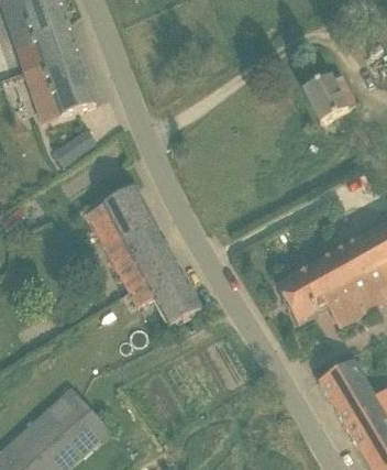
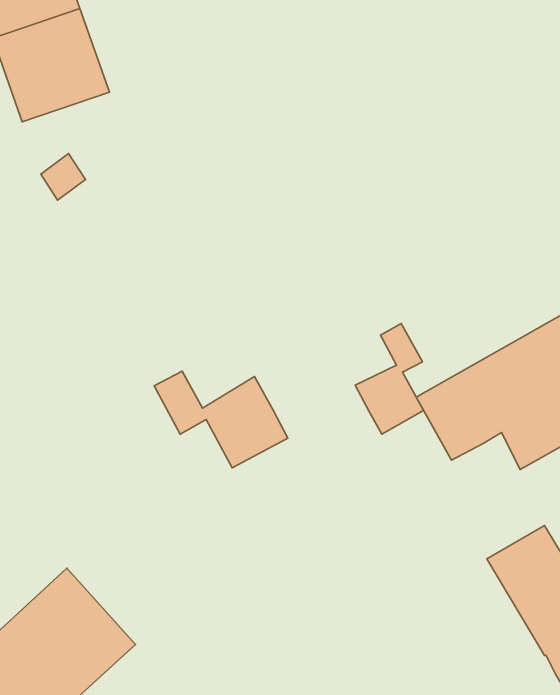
building: [302,74,346,122] -> none
building: [86,186,180,289] -> none
building: none -> [355,324,424,434]

